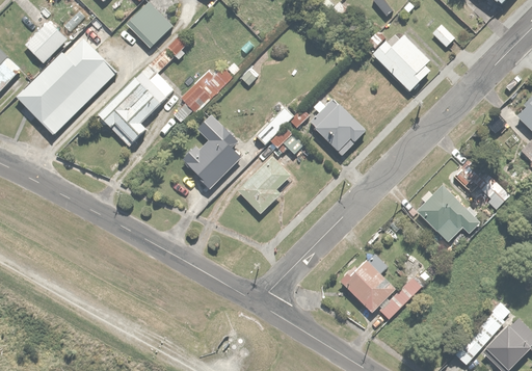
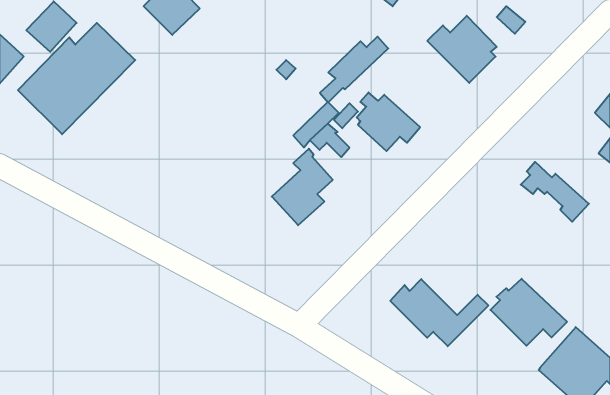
building: [97,35,190,147] -> none
building: [172,68,232,125] -> [320,37,388,102]
building: [181,115,238,189] -> none
building: [415,184,481,242] -> [490,279,567,346]

